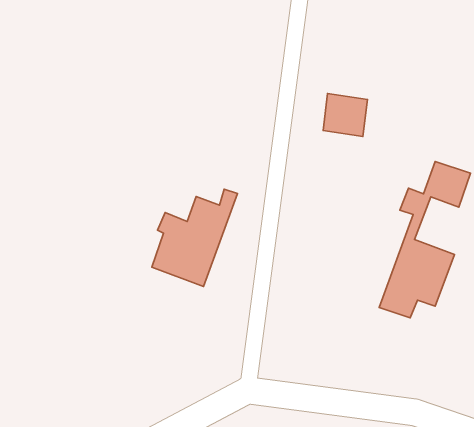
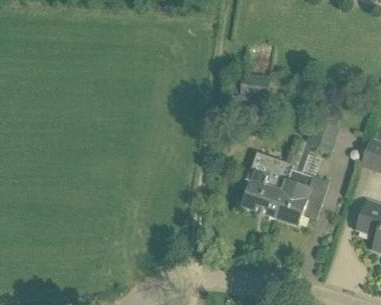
building: [152,189,237,286] -> [243,152,301,218]

